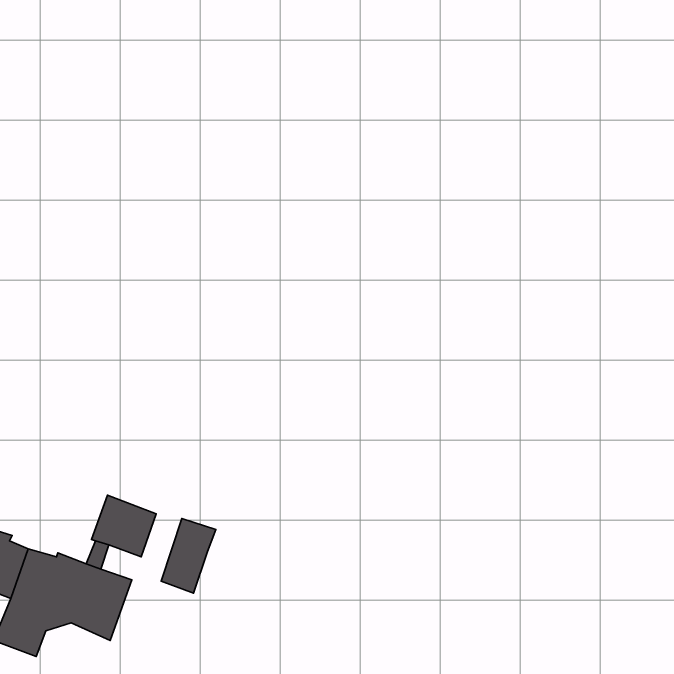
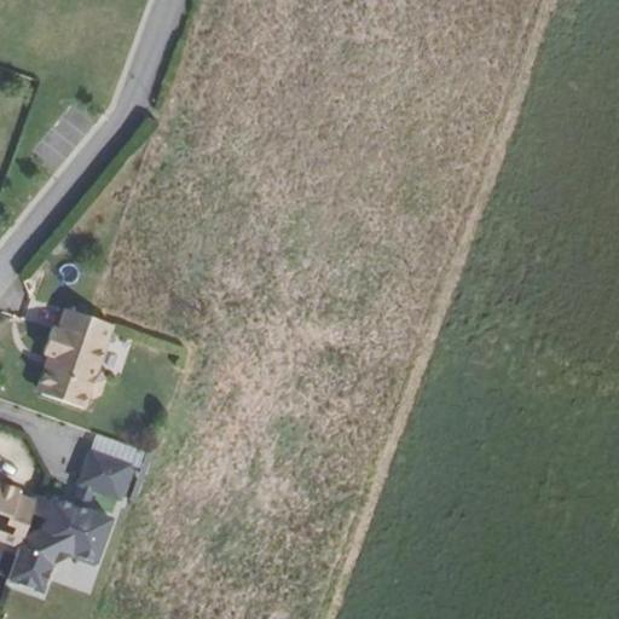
building: none -> [27,297,106,401]
building: [161,518,216,593] -> none

